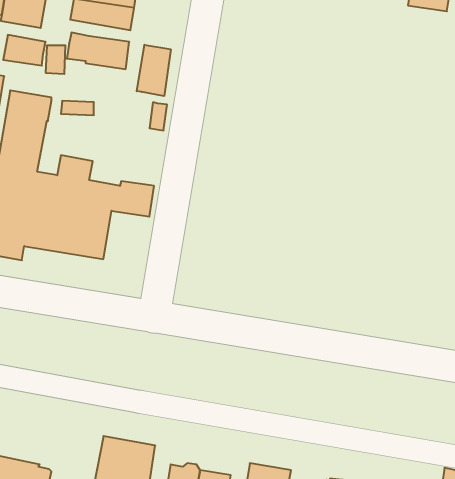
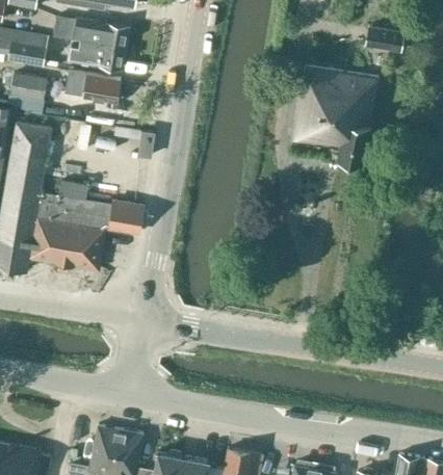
building: none -> [292,64,375,160]
building: [137,45,171,96] -> none

